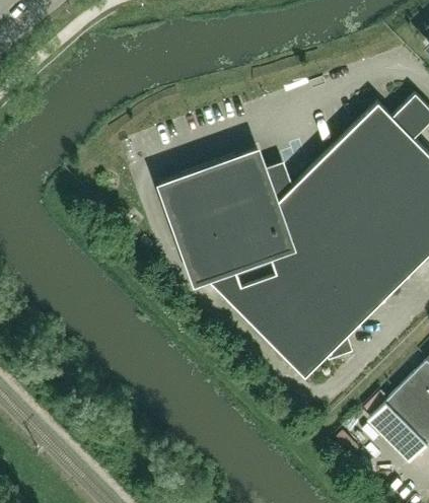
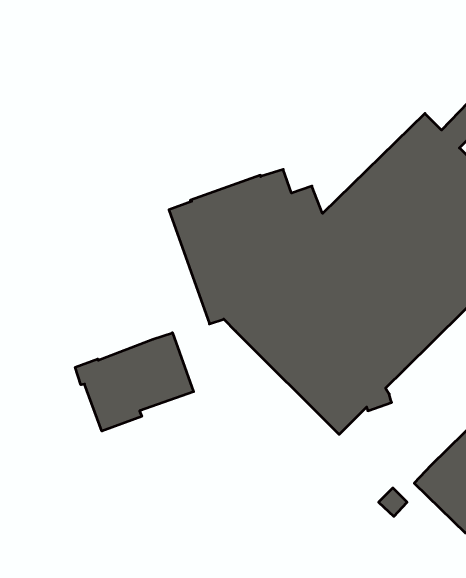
building: none -> [75,333,194,431]

